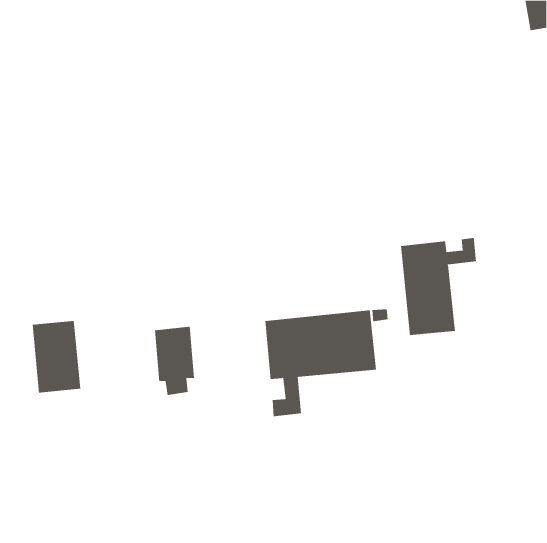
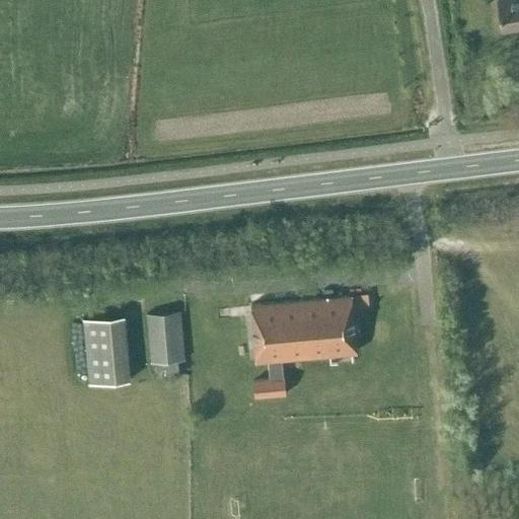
building: [400,237,476,336] -> none
building: [32,320,81,393] -> [83,317,130,386]

